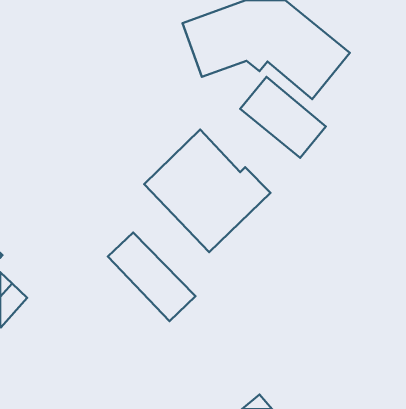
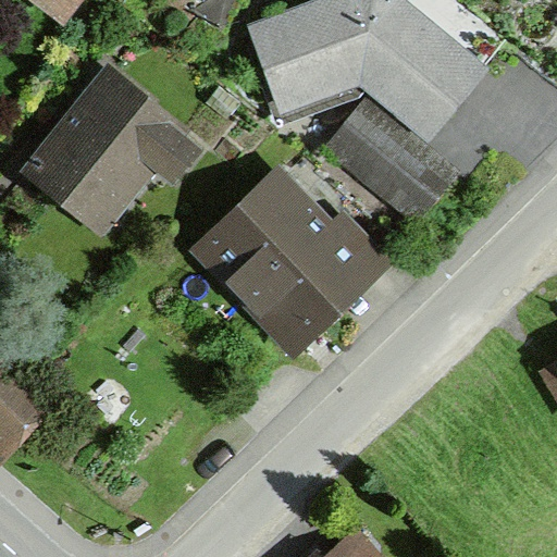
building: none -> [30,76,193,206]
building: [108,232,195,321] -> none

